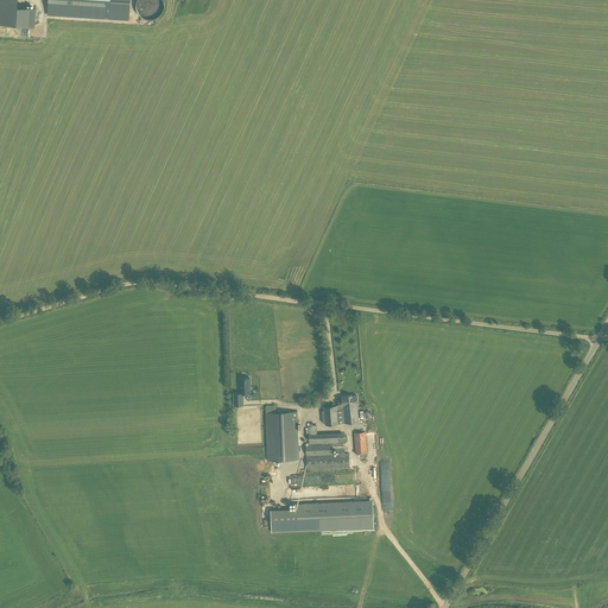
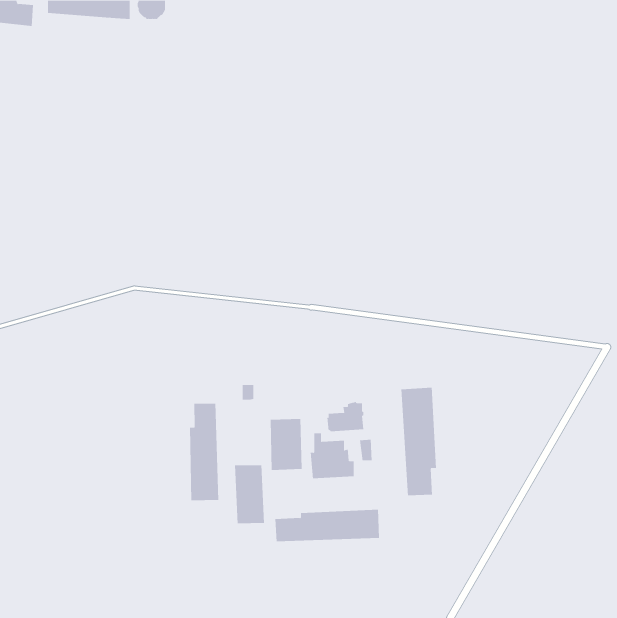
building: none -> [401,387,436,496]
building: none -> [189,403,219,501]
building: none -> [235,464,264,524]

